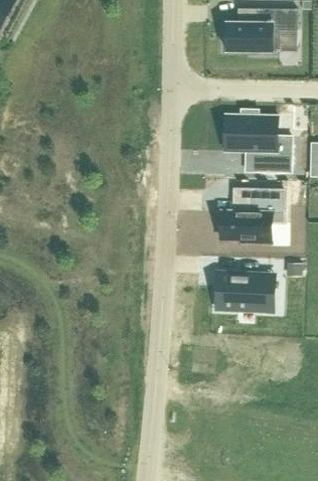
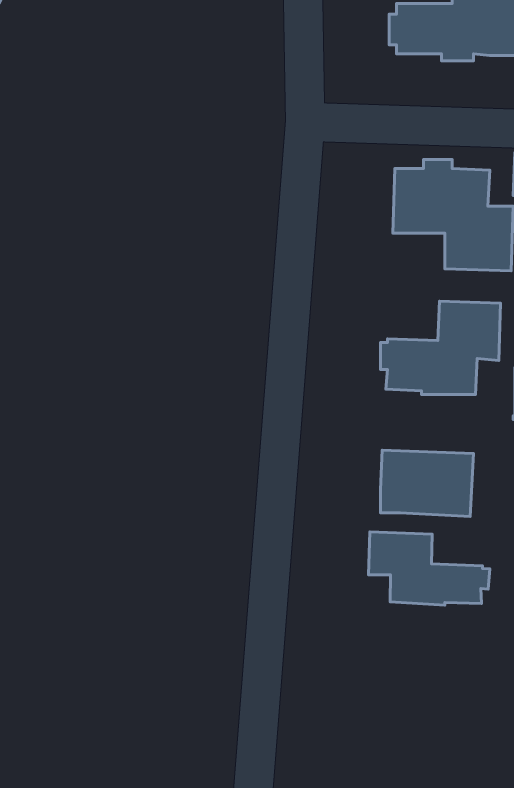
building: none -> [368,532,490,605]

